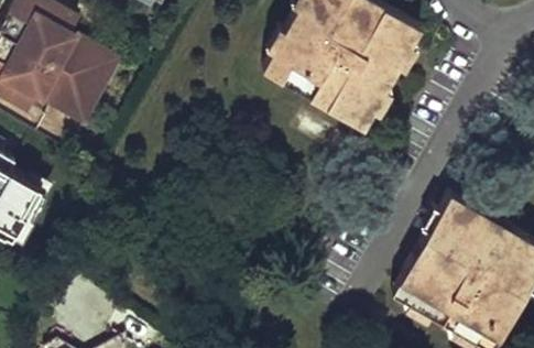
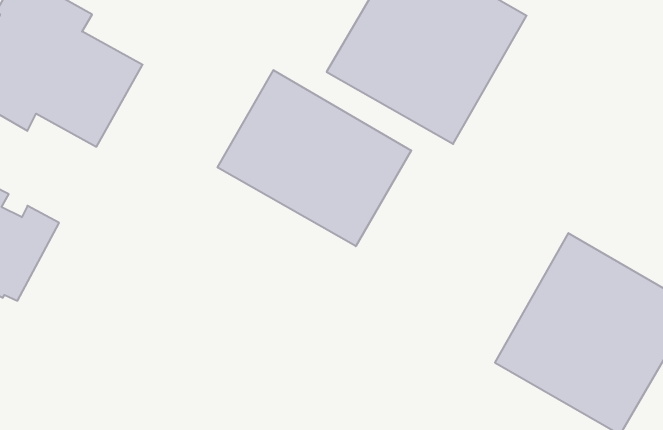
building: none -> [218,70,411,246]

